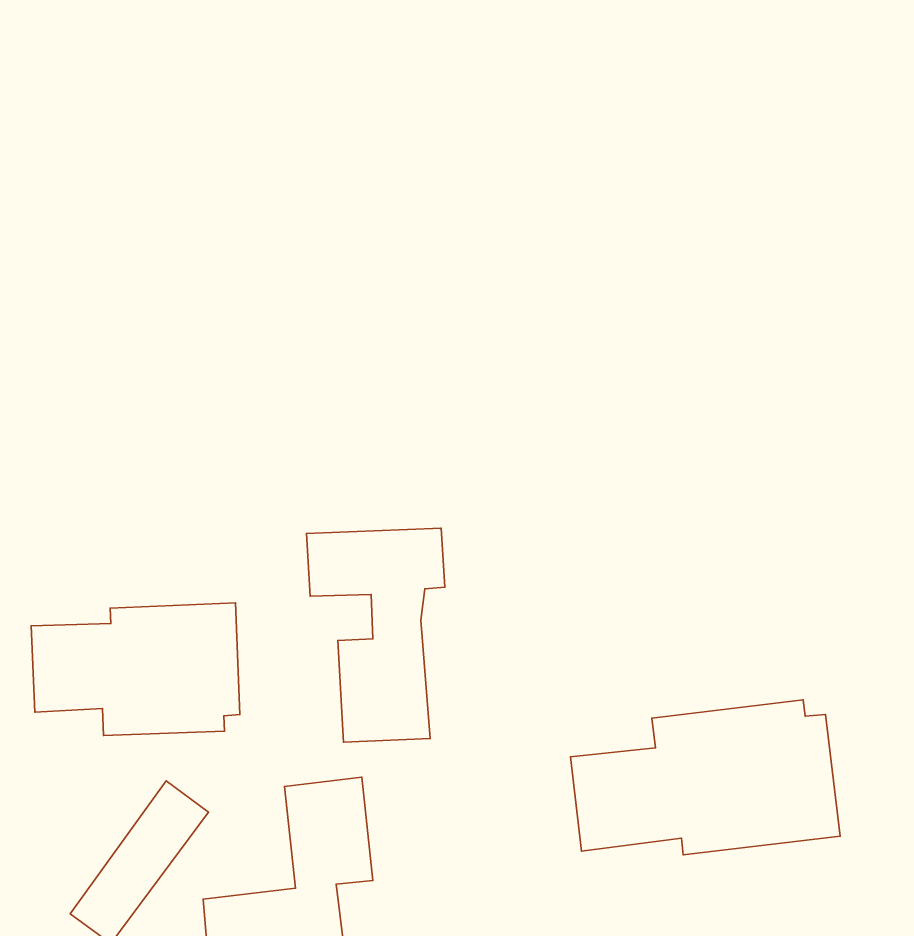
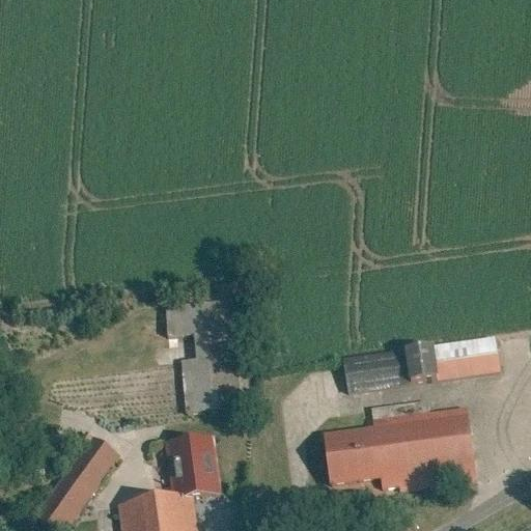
building: none -> [350,337,497,390]
building: [31,603,240,736] -> none

